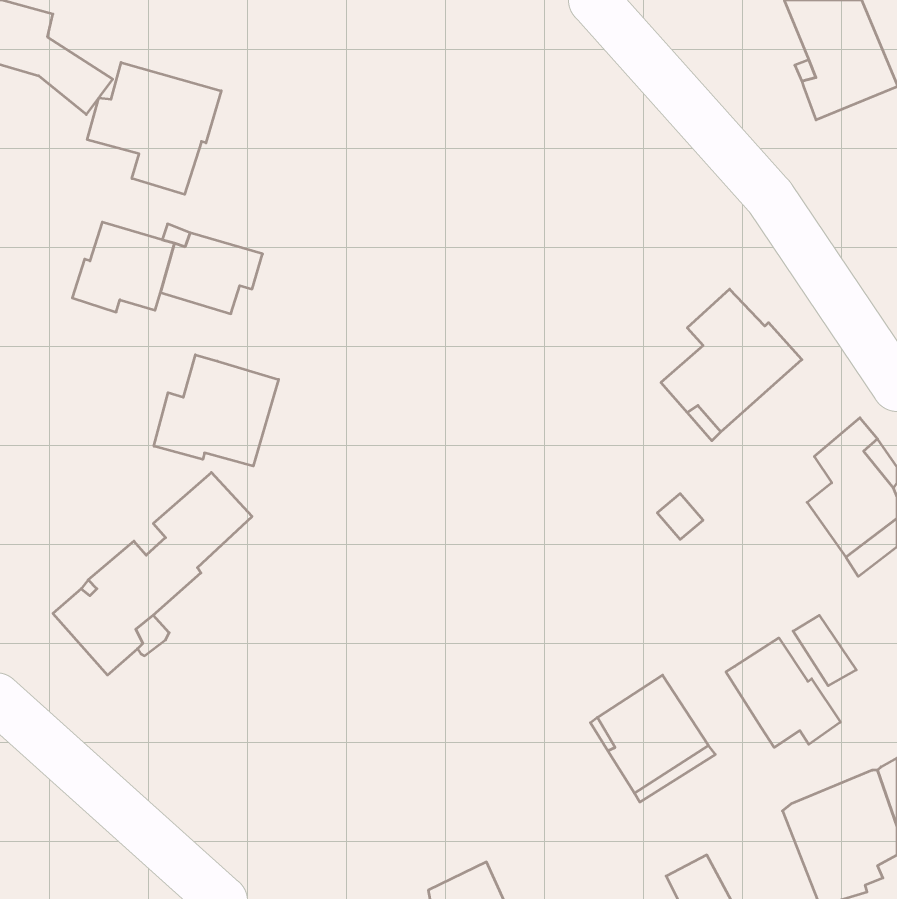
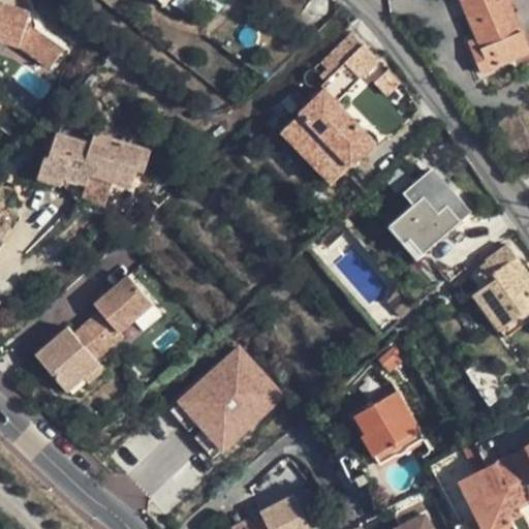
building: none -> [279,35,376,184]
building: [87,62,221,194] -> none
building: [154,355,279,466] -> none
building: none -> [176,342,288,453]
building: [726,638,840,747] -> none

